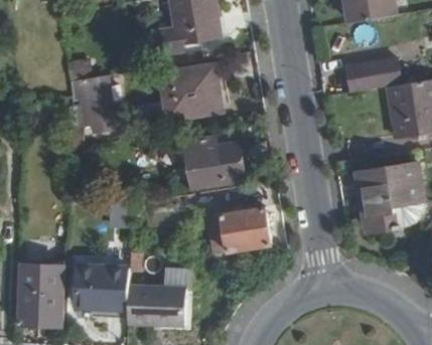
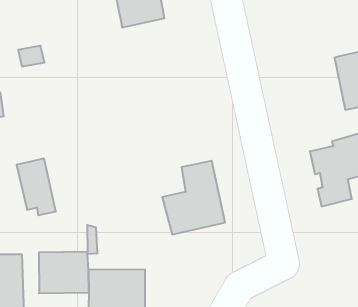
building: [339,58,393,92] -> none
building: [159,67,222,124] -> none
building: [79,74,116,132] -> [17,158,56,215]
building: [183,139,247,188] -> none

